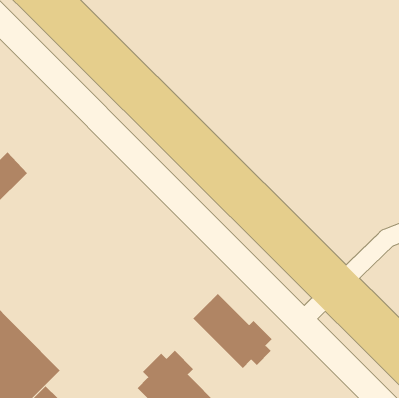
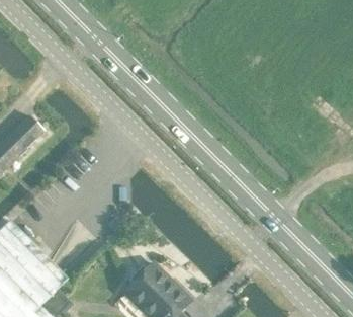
building: [193,293,272,369] -> none

